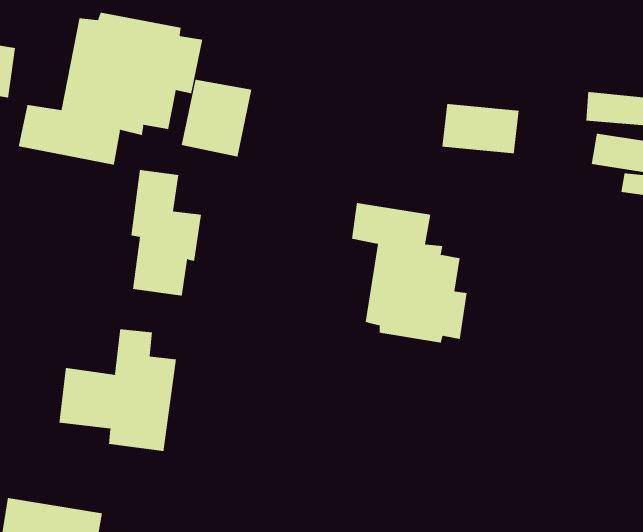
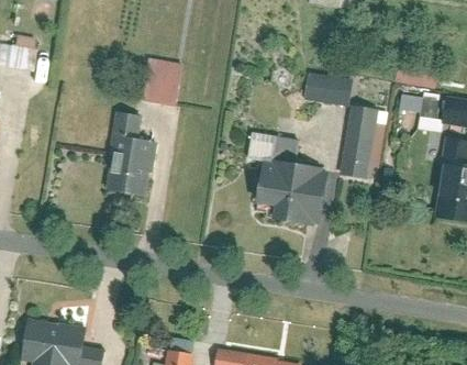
building: [18,12,203,165] -> none
building: none -> [341,100,390,178]
building: [59,328,176,452] -> none

